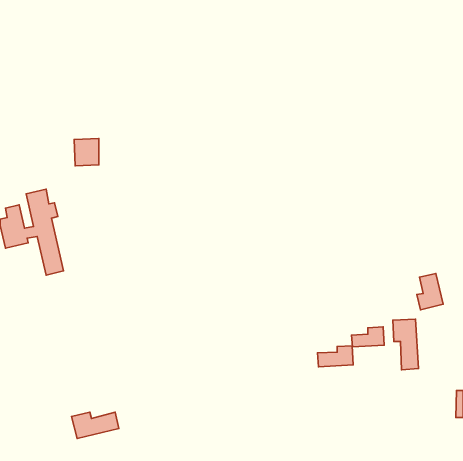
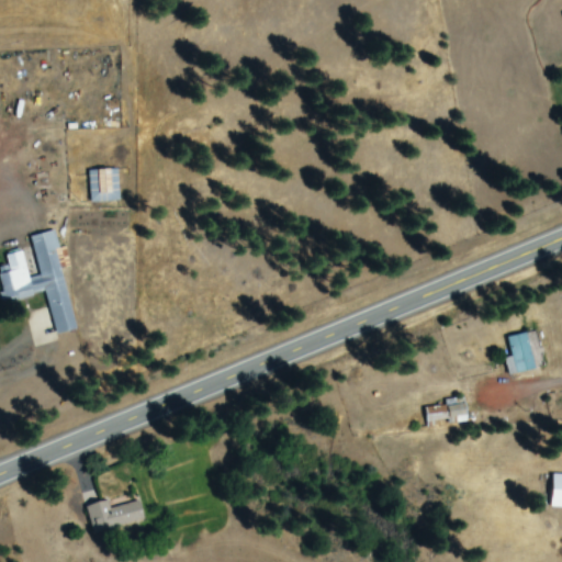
building: [393,319,418,370] -> none
building: [317,346,353,367] -> none

